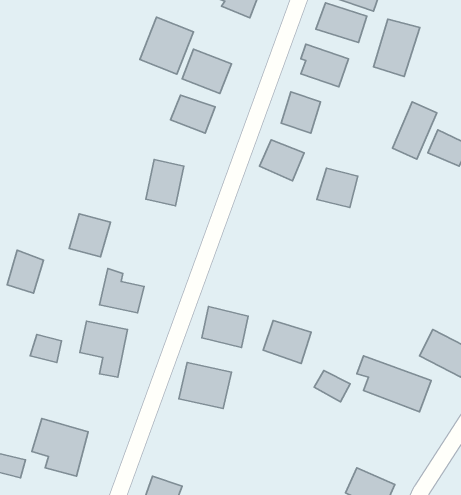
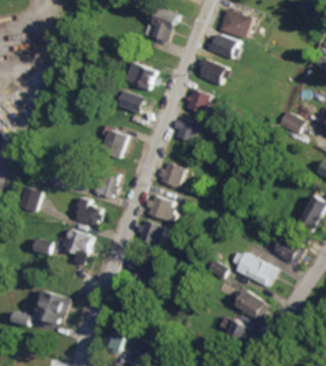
building: [140,17,194,74] -> none
building: [373,19,420,76] -> none
building: [392,102,437,159] -> none
building: [317,168,358,208] -> [157,163,183,187]
building: [69,214,110,257] -> [93,171,119,197]
building: [263,321,311,363] -> [146,195,176,222]
building: none -> [234,289,271,321]

